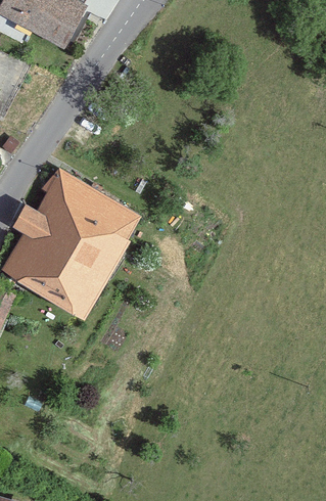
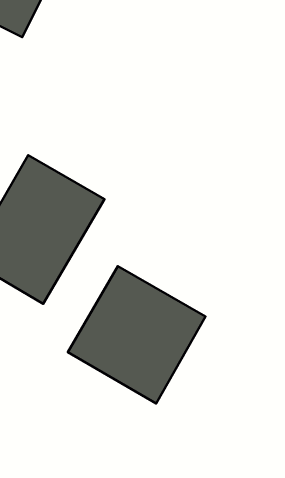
building: none -> [68,266,206,403]

